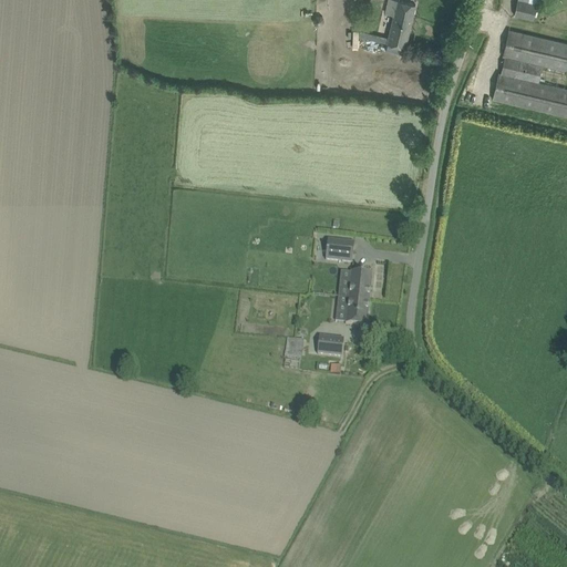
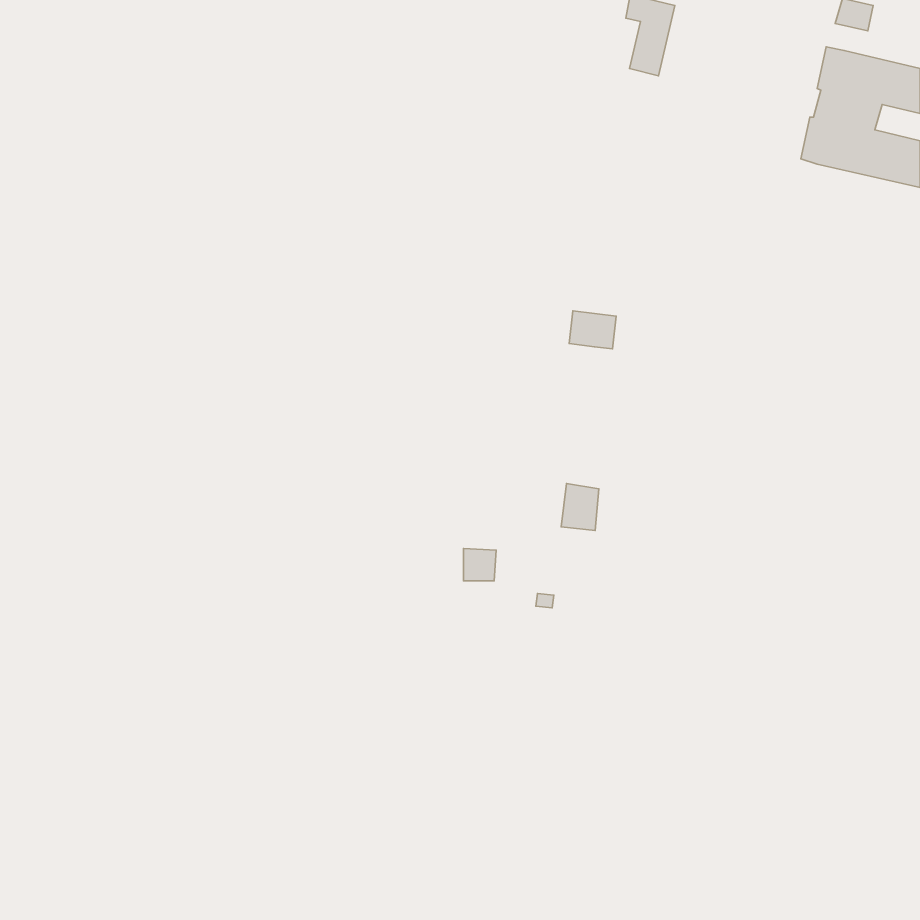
building: [324,239,353,262] -> [569,311,616,349]
building: [348,271,371,300] -> none
building: [317,336,342,357] -> none

